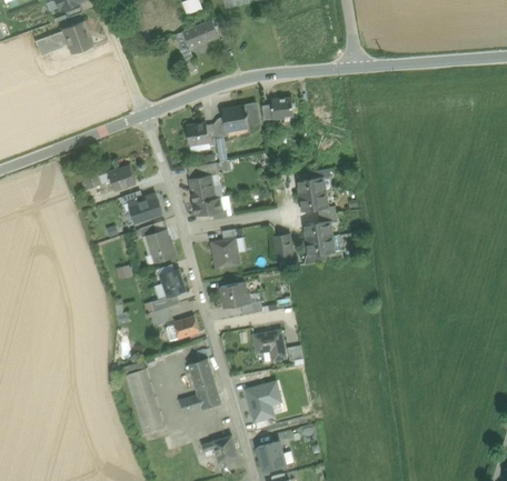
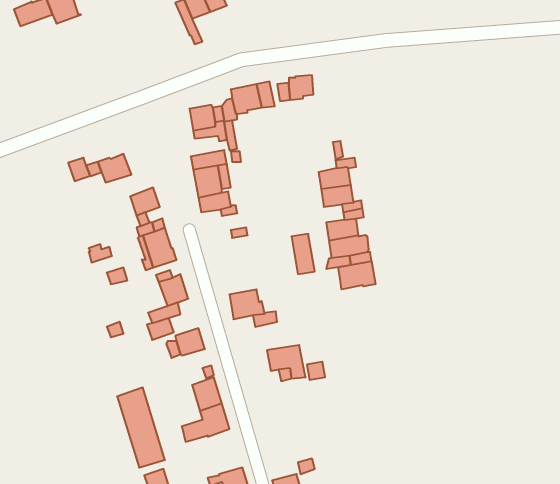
building: [211,239,239,268] -> none
building: none -> [338,261,375,289]
building: [246,382,279,420] -> none

